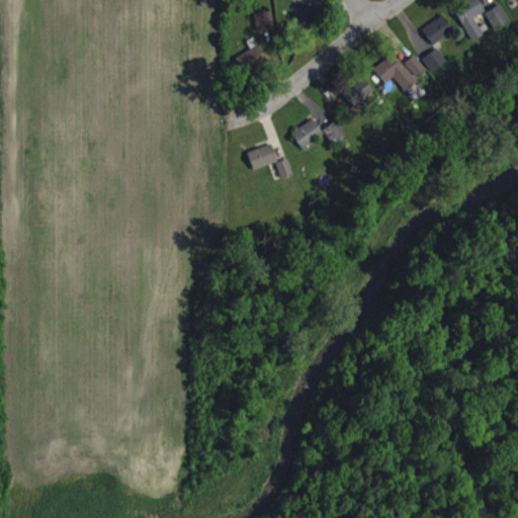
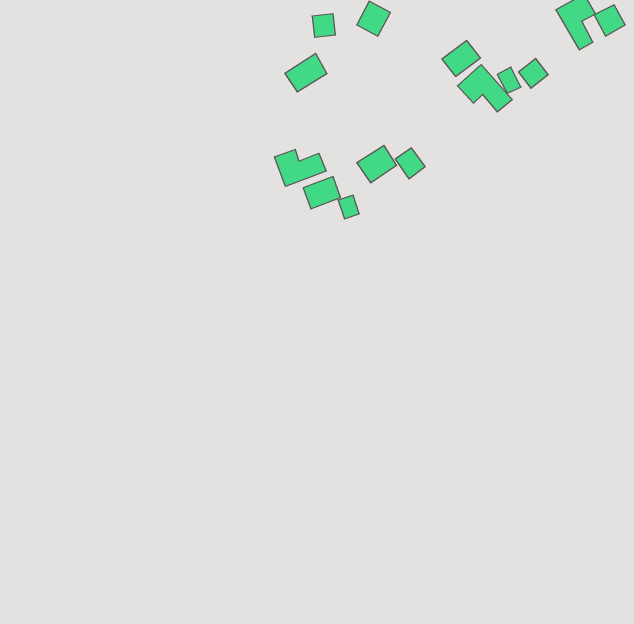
building: [422,14,453,45] -> none
building: [342,77,373,106] -> [442,40,480,76]
building: none -> [275,149,326,186]

